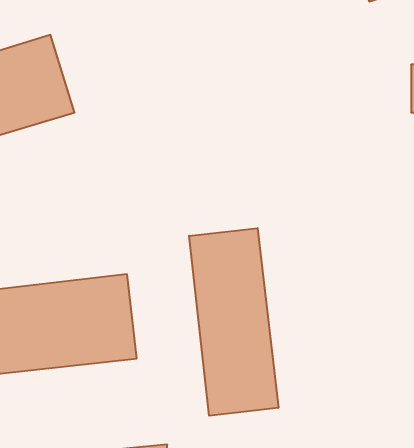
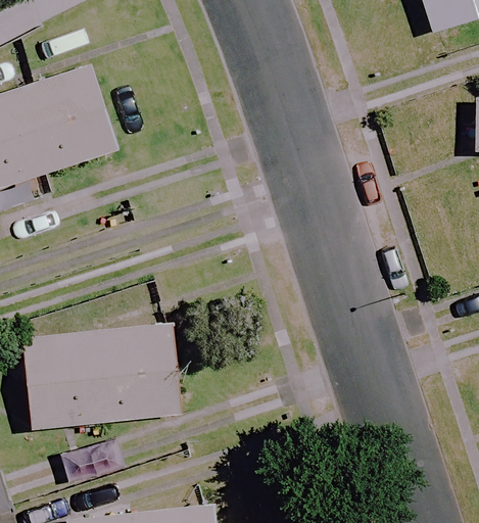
building: [189,228,278,416] -> none

